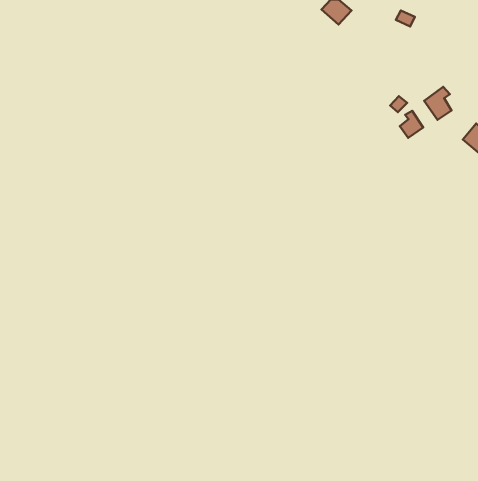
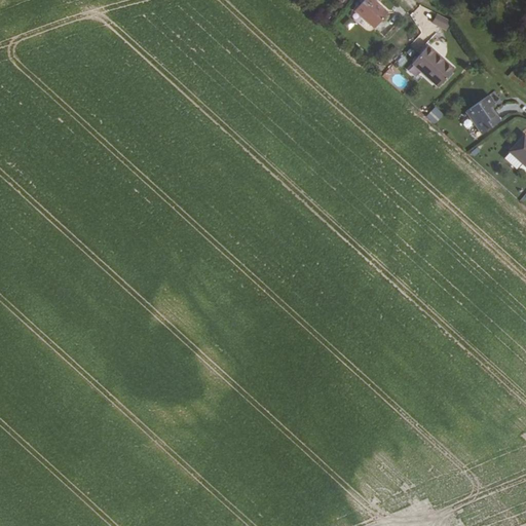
building: none -> [413,46,454,86]
building: [400,111,423,138] -> none

